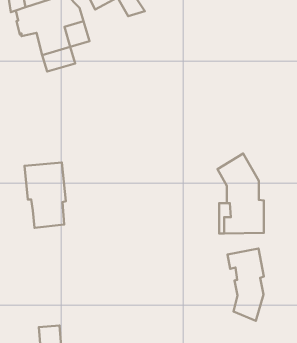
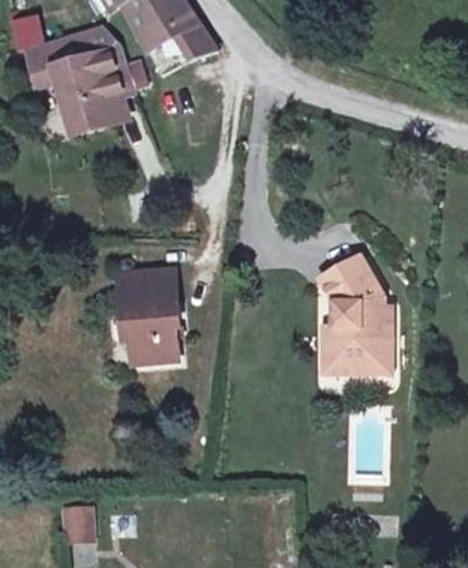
building: [25,162,66,228] -> [119,270,179,364]
building: [227,248,264,321] -> none

